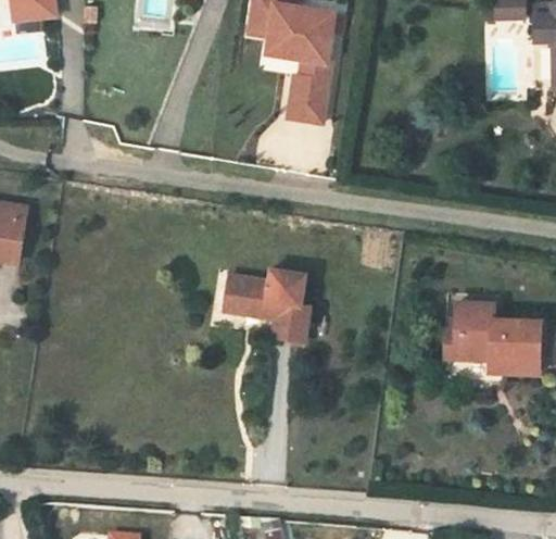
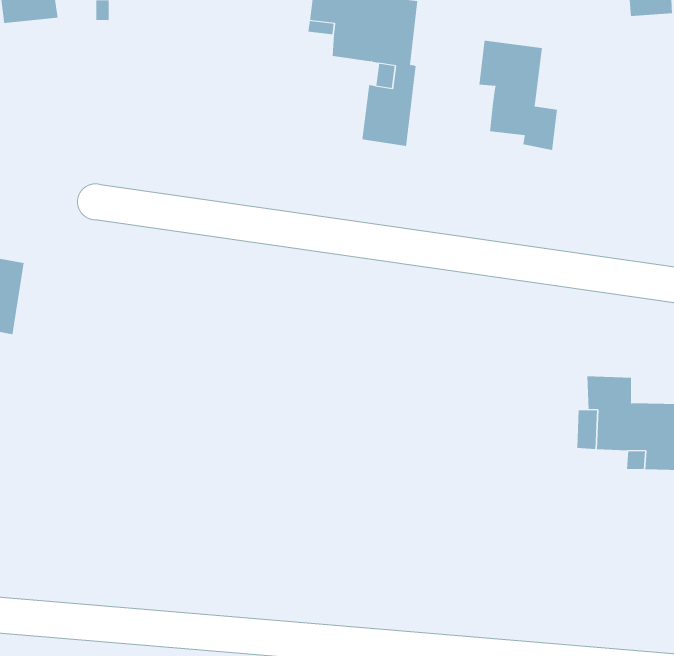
building: none -> [479,40,557,151]
building: [230,274,312,344] -> none

